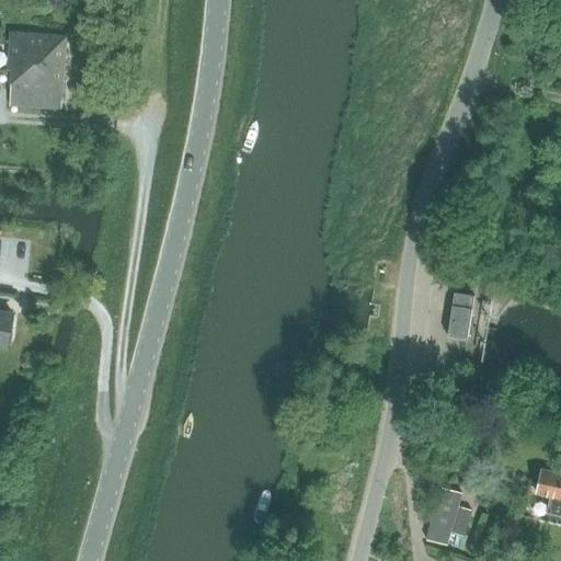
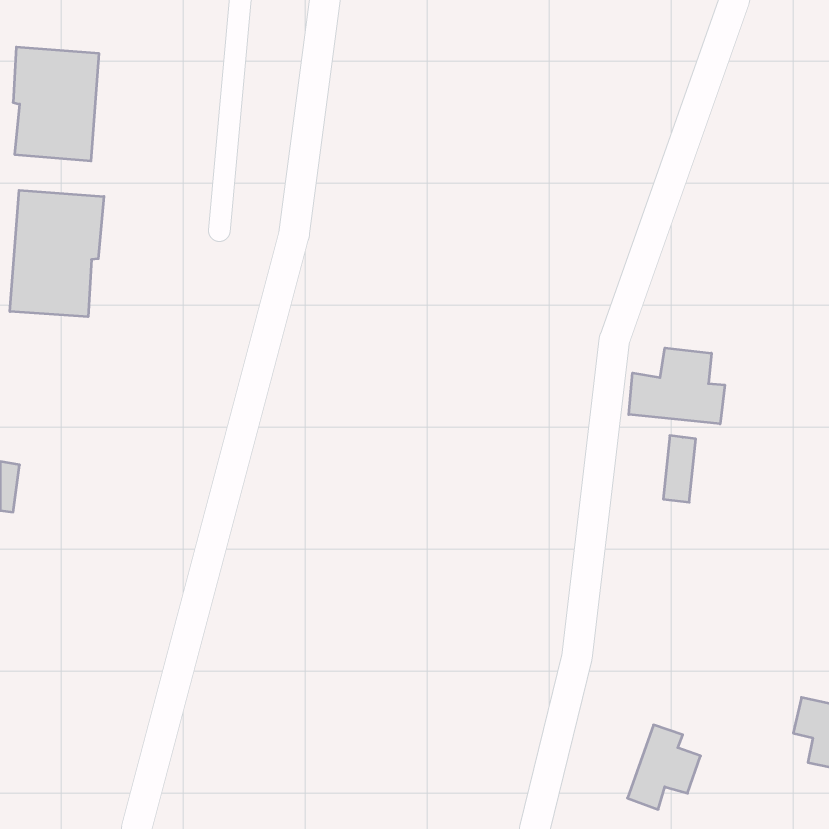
building: none -> [10,190,104,317]
building: none -> [629,348,725,424]

